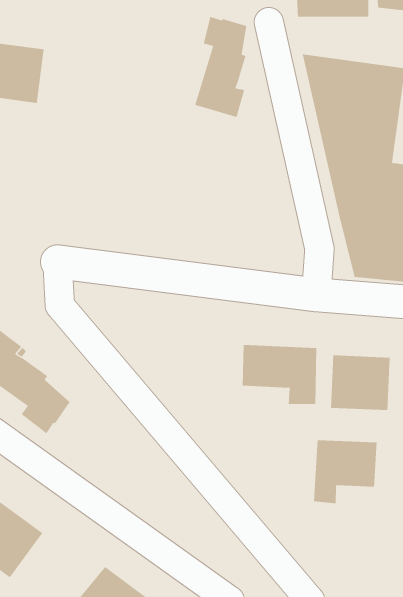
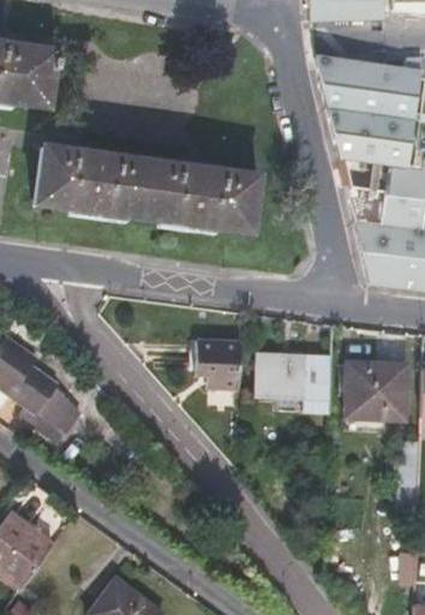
building: [195,16,247,118] -> none
building: none -> [35,148,257,233]
building: none -> [194,339,241,389]
building: [313,439,377,504] -> none

